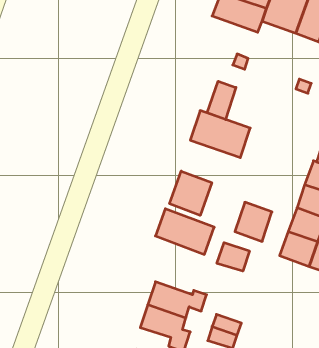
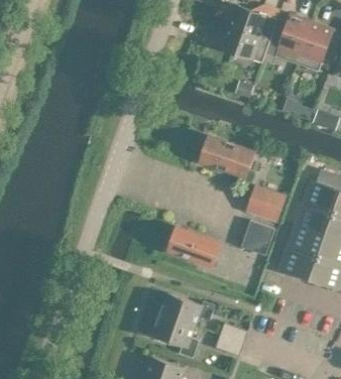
building: [207,81,236,120] -> none
building: none -> [245,185,285,221]
building: [170,171,212,215] -> none
building: [217,243,249,271] -> none

